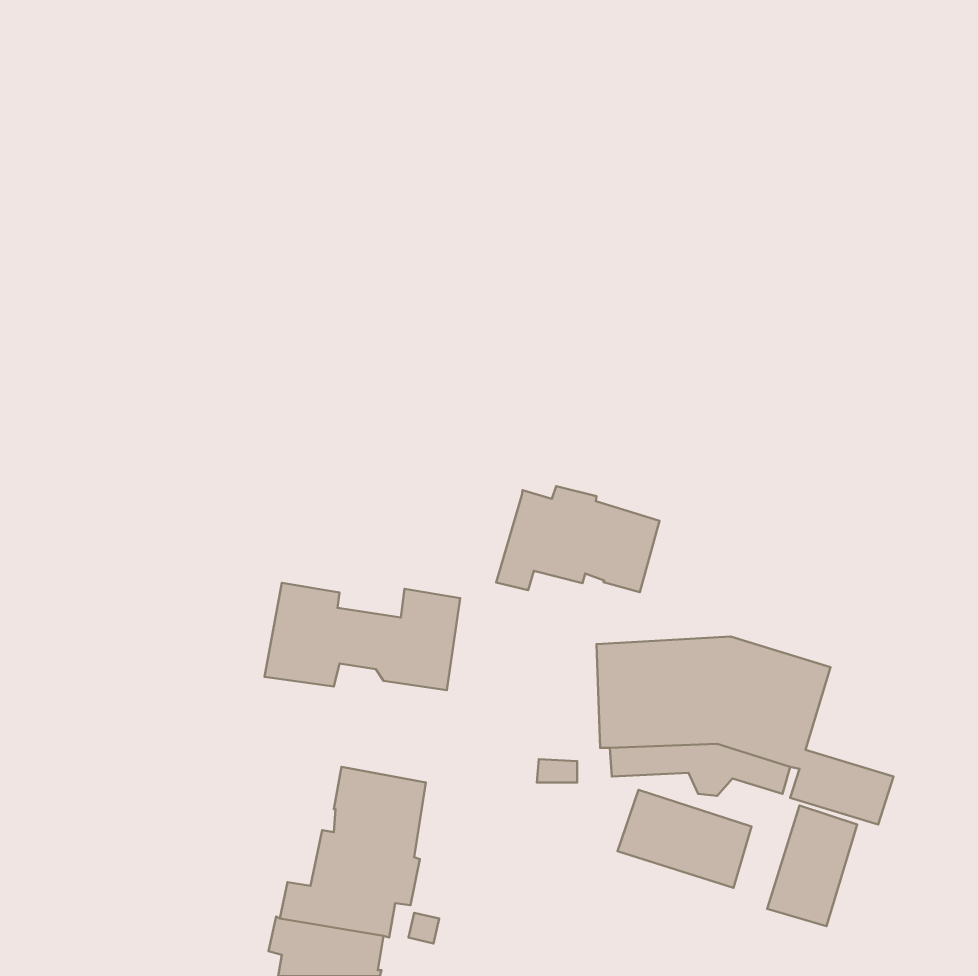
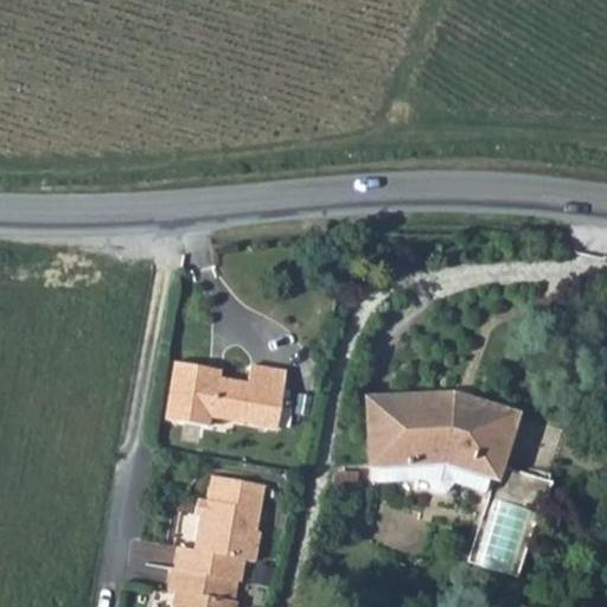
building: [496,486,660,592] -> none
building: [618,790,751,888] -> none

